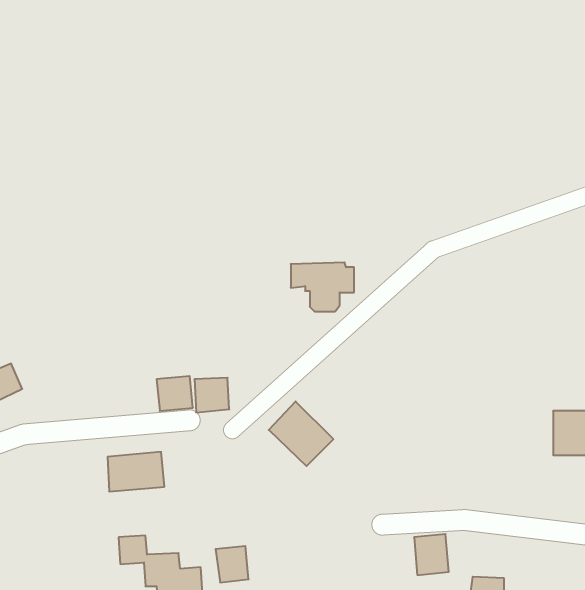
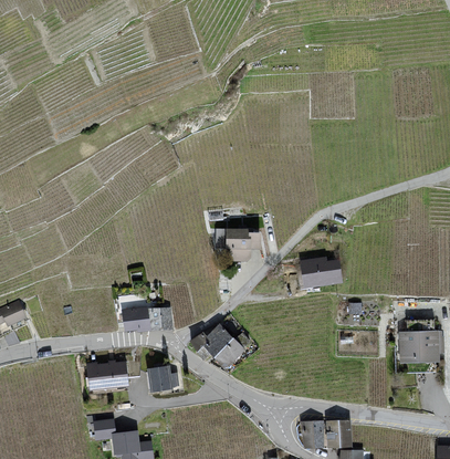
building: none -> [300,257,341,289]
building: none -> [326,418,352,446]
building: [215,546,249,582] -> [146,366,169,392]

